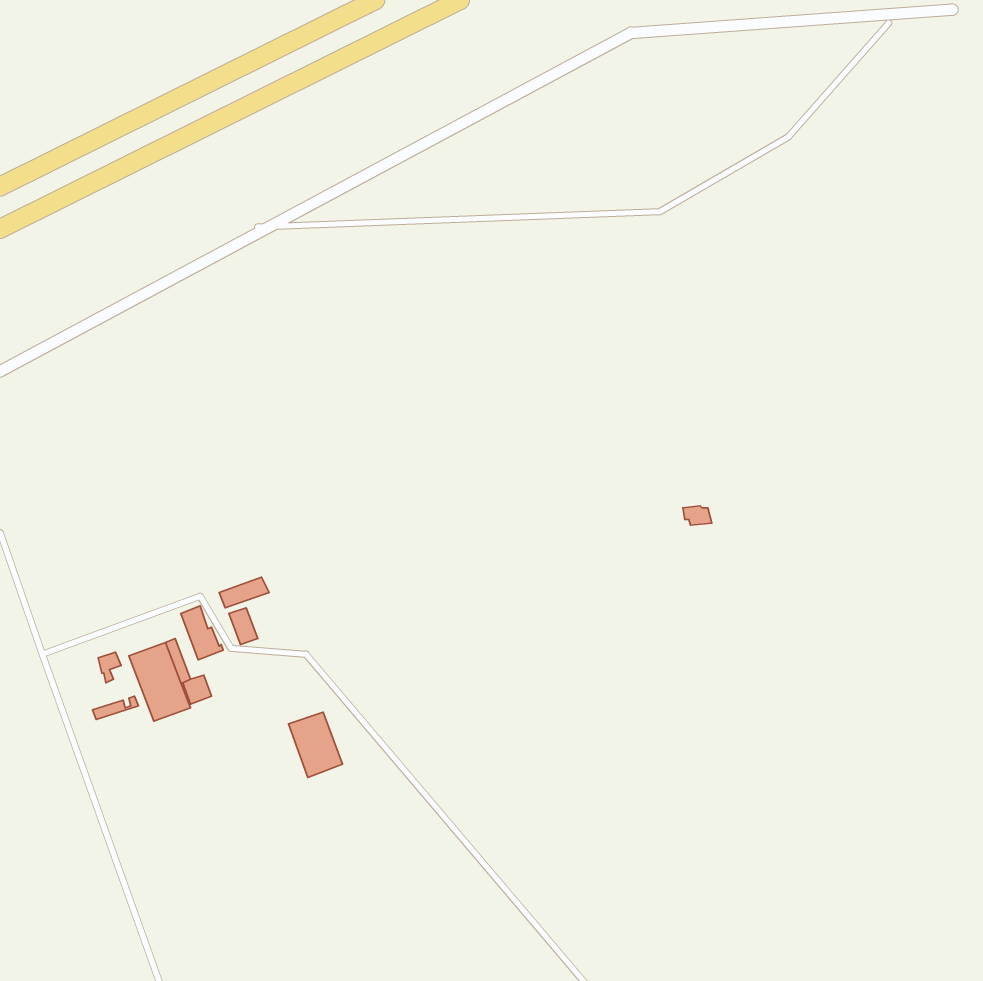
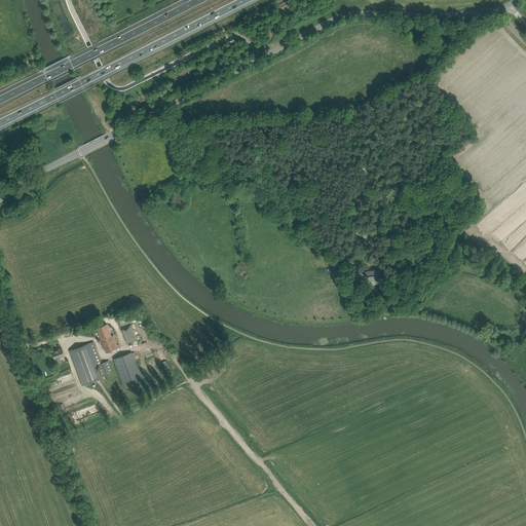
building: [288,712,342,778] -> [113,353,142,388]

